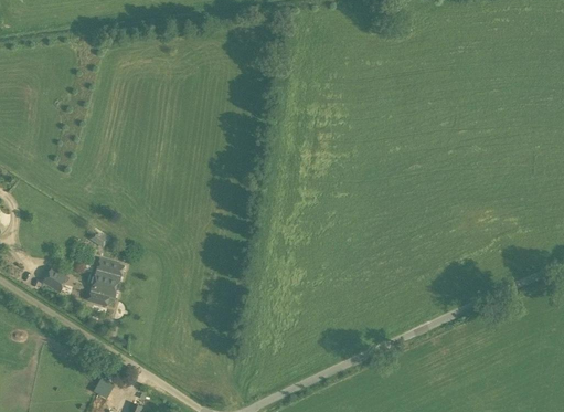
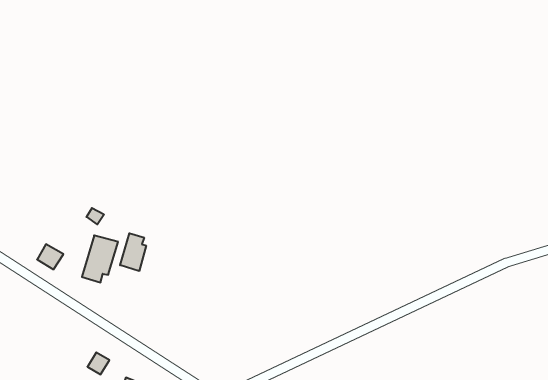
building: none -> [120,233,146,271]

